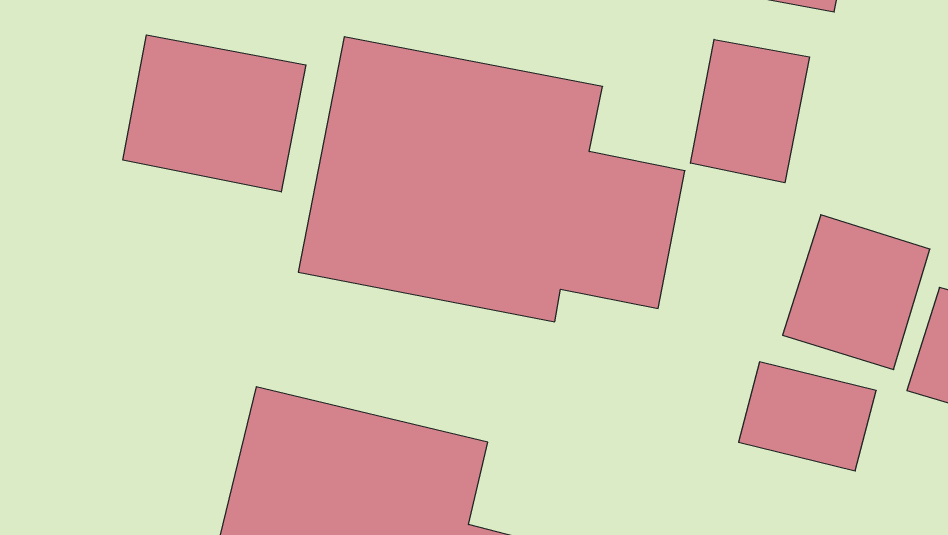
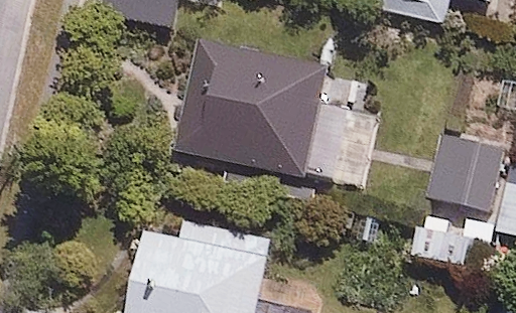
building: [123,35,306,192] -> none
building: [691,39,809,183] -> none

